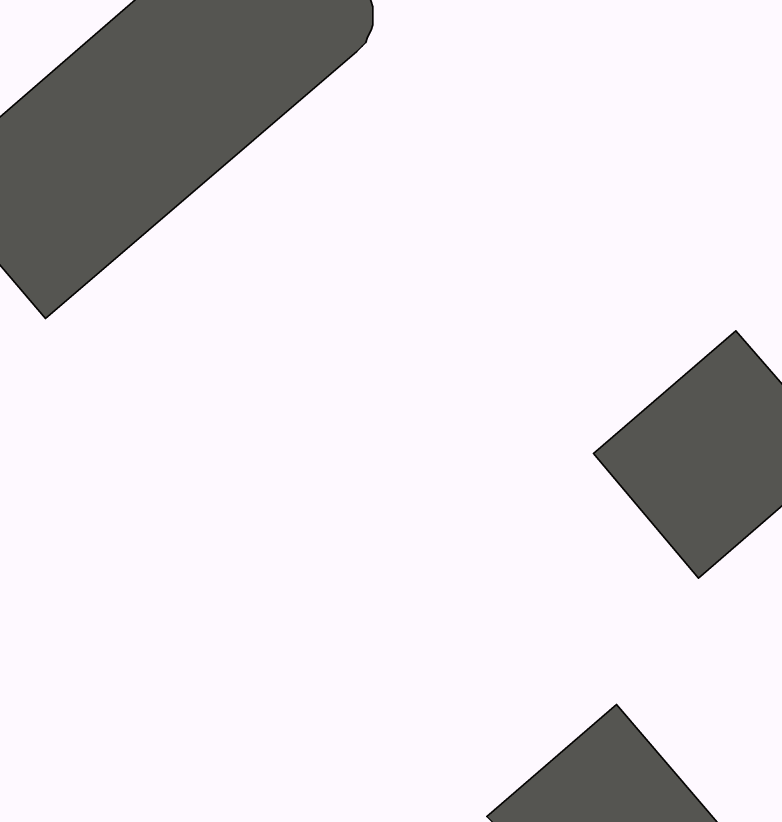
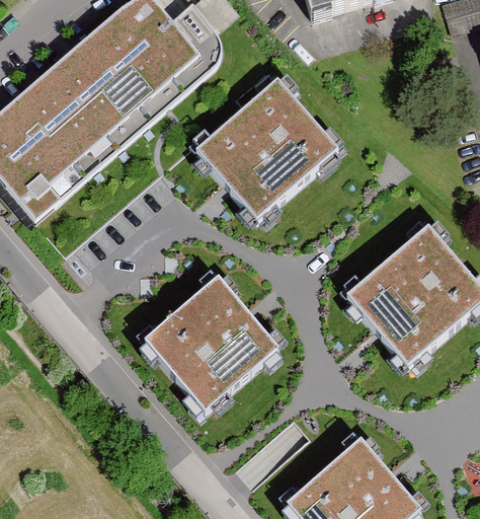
building: none -> [195,79,337,220]
building: none -> [144,276,277,411]

